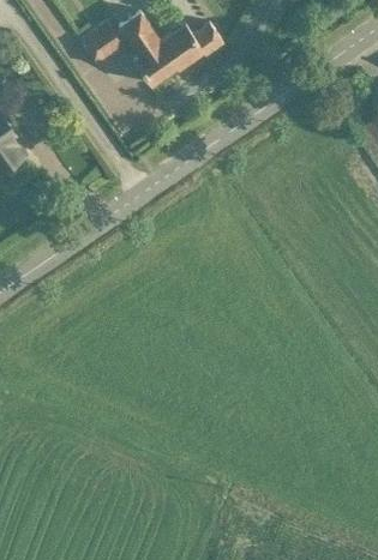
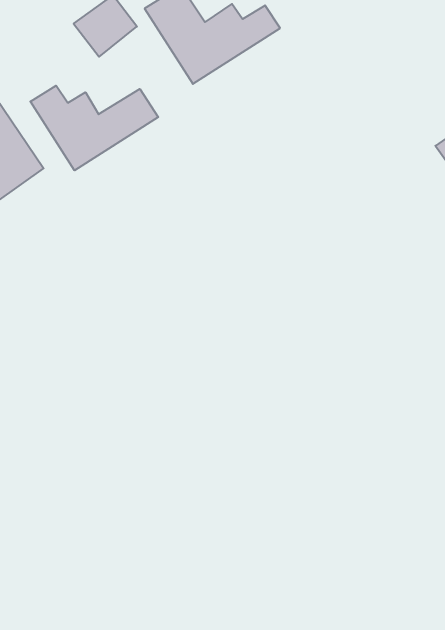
building: none -> [30,86,158,170]

